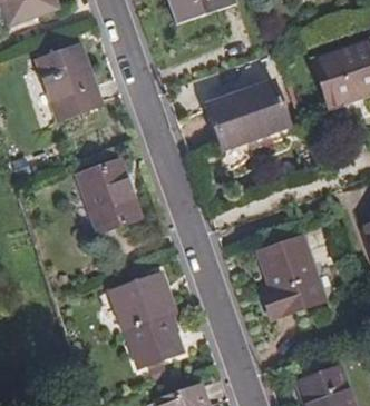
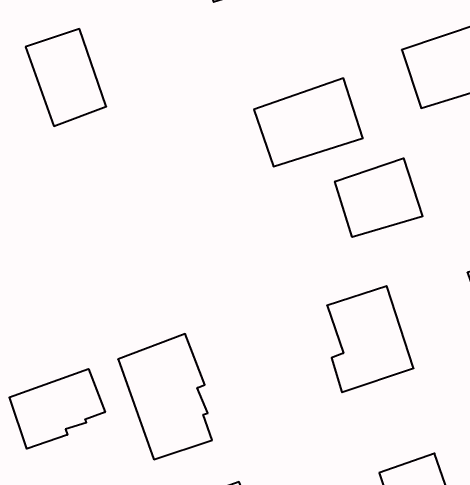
building: none -> [335,158,423,237]
building: [78,164,138,236] -> none
building: none -> [9,369,105,449]

